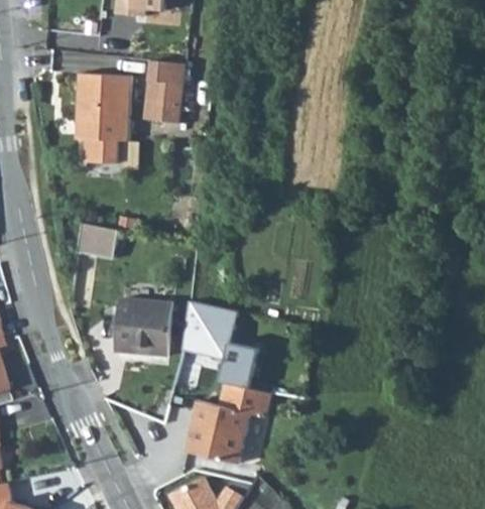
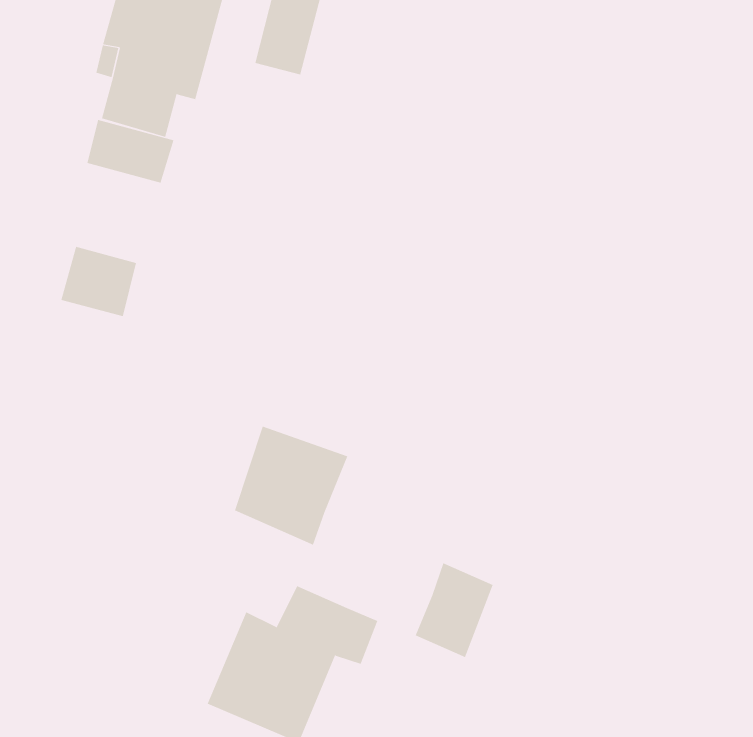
building: none -> [87,119,174,183]
building: [120,300,171,352] -> none
building: [222,345,258,392] -> [415,563,494,658]

